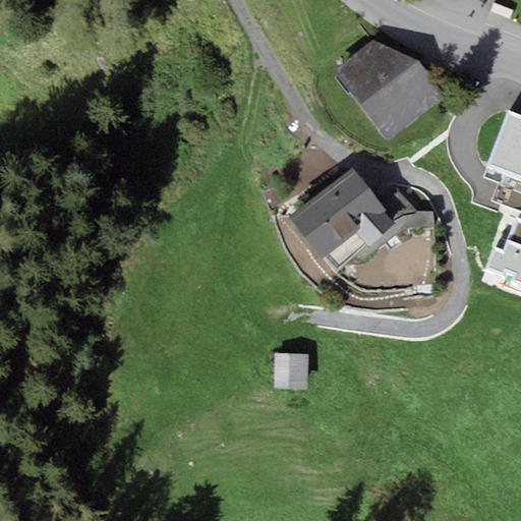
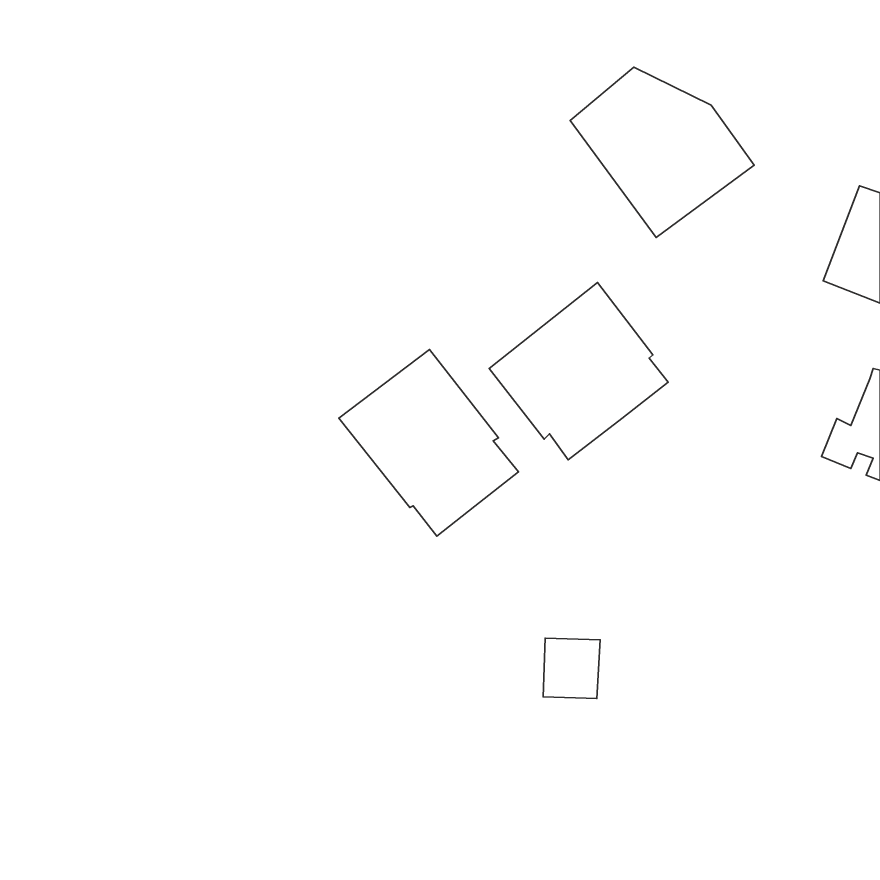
building: none -> [339,349,518,536]
building: [275,354,308,390] -> [543,638,600,698]

